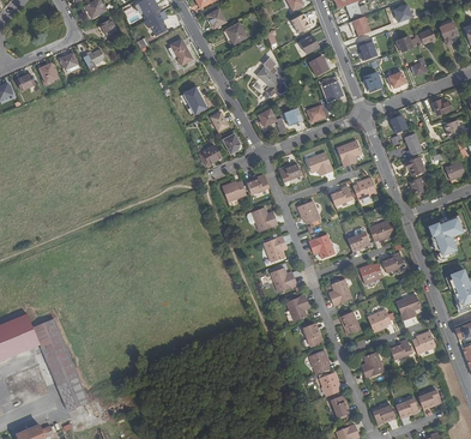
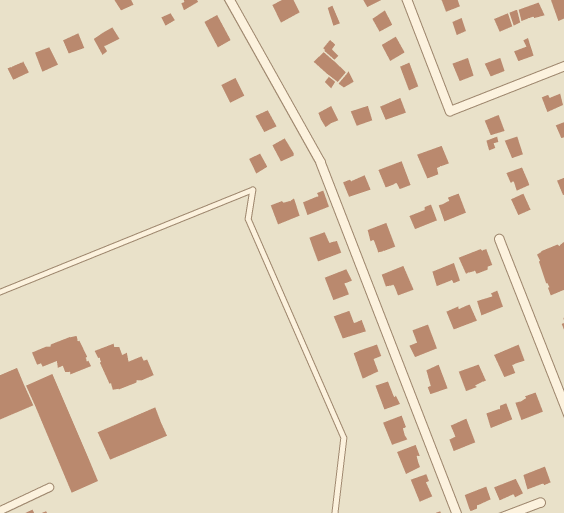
building: none -> [31,335,92,375]
building: none -> [94,343,155,391]
building: none -> [97,406,168,461]

